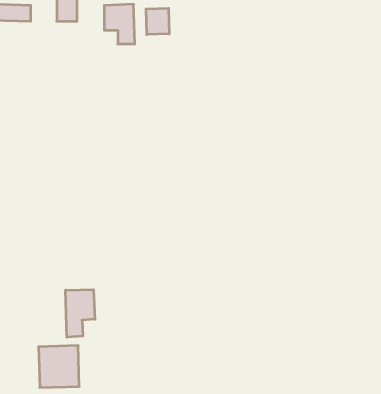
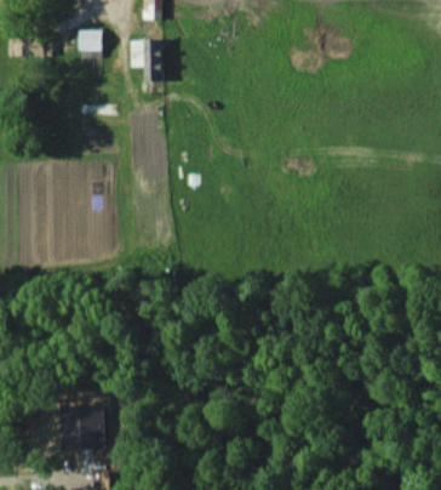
building: [146,8,169,35] -> none
building: [66,290,95,337] -> none

